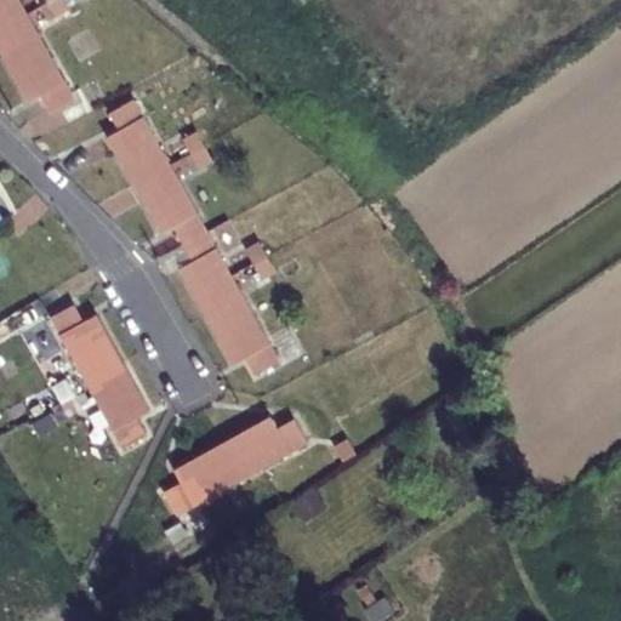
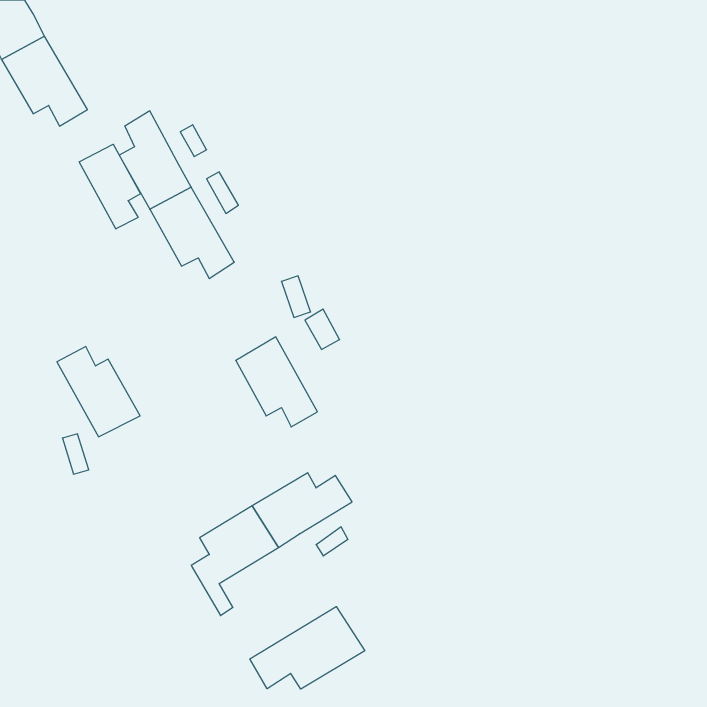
building: none -> [79,144,140,229]
building: [178,230,241,317] -> none
building: [86,365,148,448] -> none
building: none -> [250,607,365,689]

